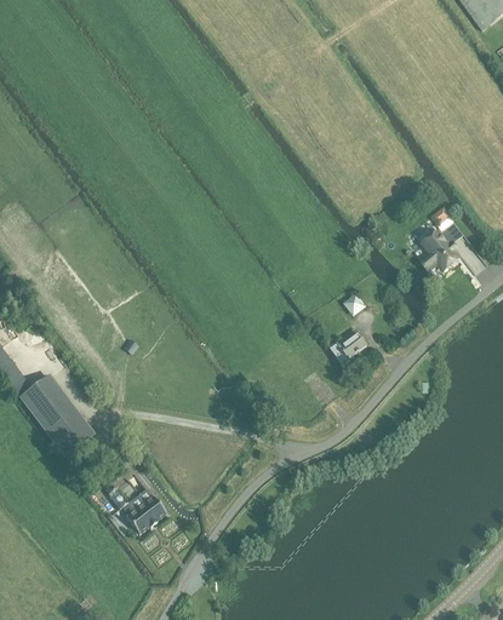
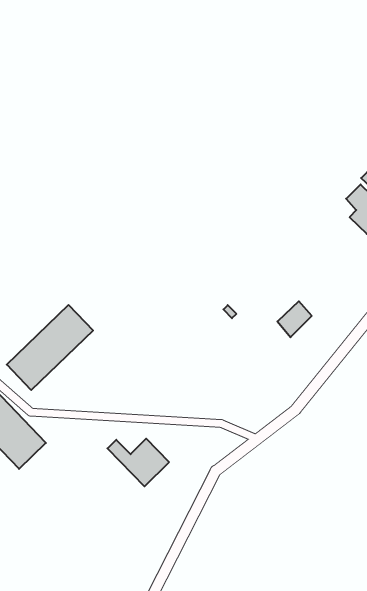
building: none -> [7,305,93,390]
building: [107,486,165,534] -> [107,439,169,486]

